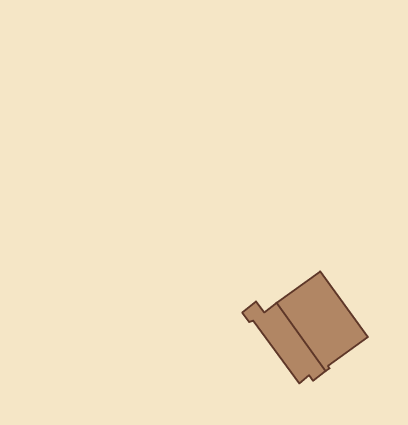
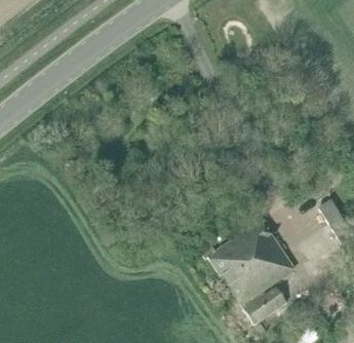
building: none -> [245,289,287,326]

